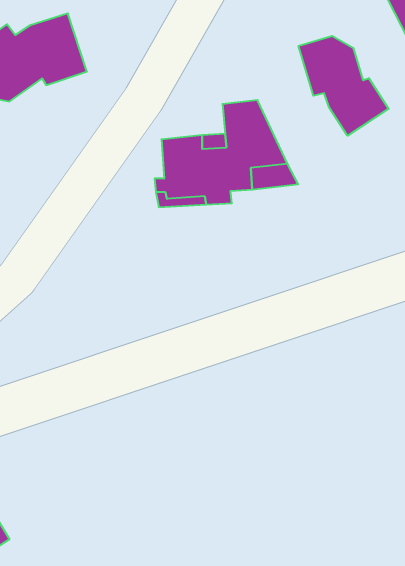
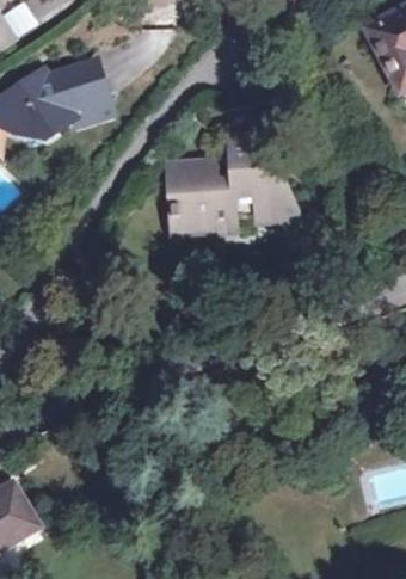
building: [298,36,389,136] -> none

